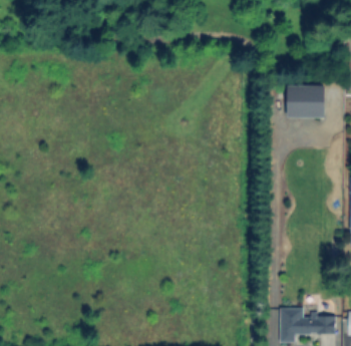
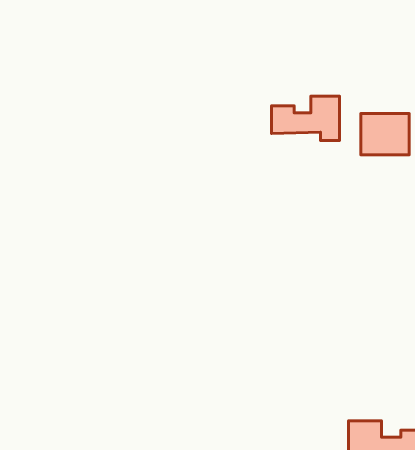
building: none -> [272,96,339,140]

